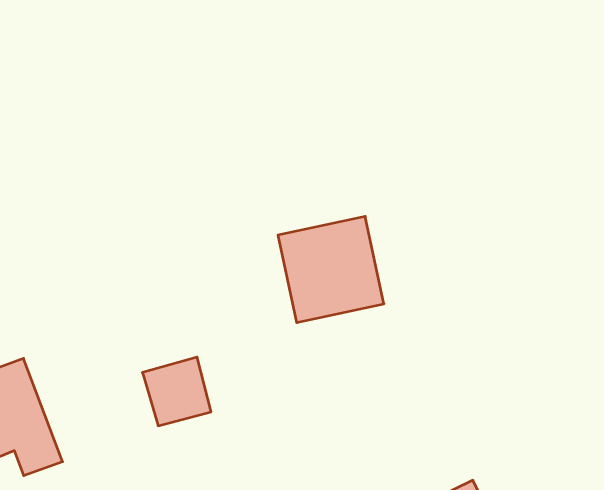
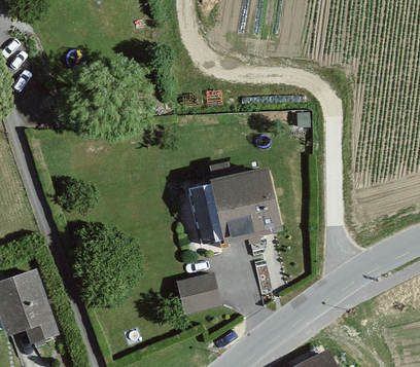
building: [142,357,211,426] -> [175,270,220,316]

